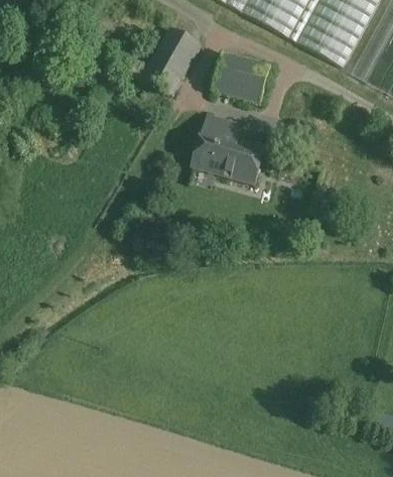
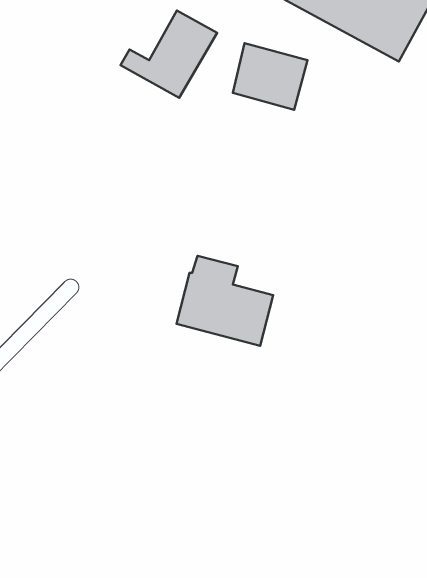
building: [193,113,268,183] -> [177,256,273,346]

